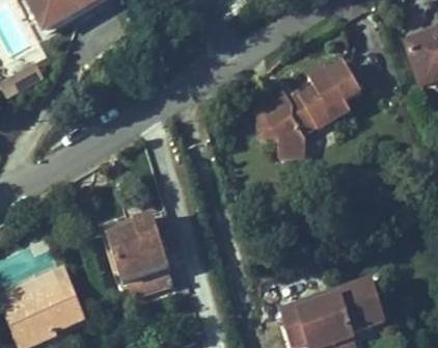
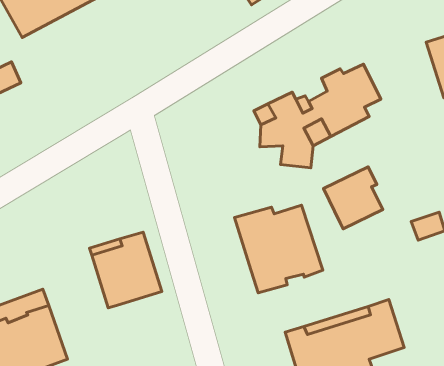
building: none -> [323,167,383,229]
building: none -> [234,205,323,293]
building: [129,264,175,297] -> none

